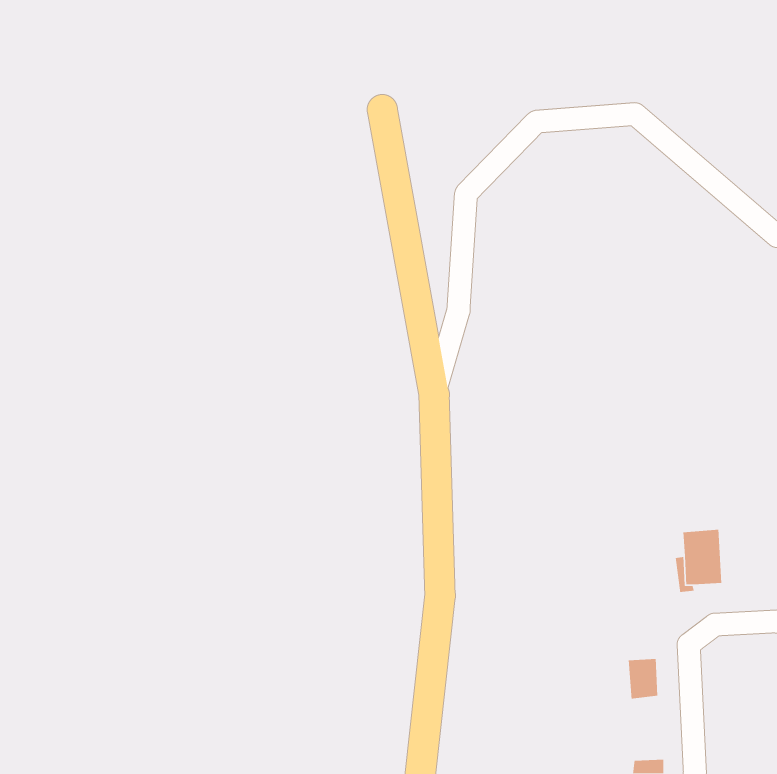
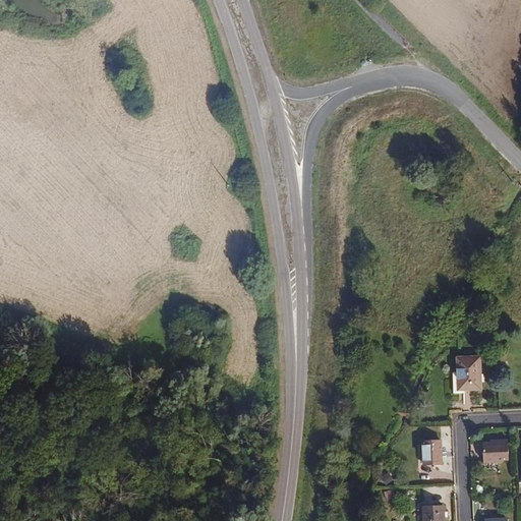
building: none -> [482,439,510,462]

